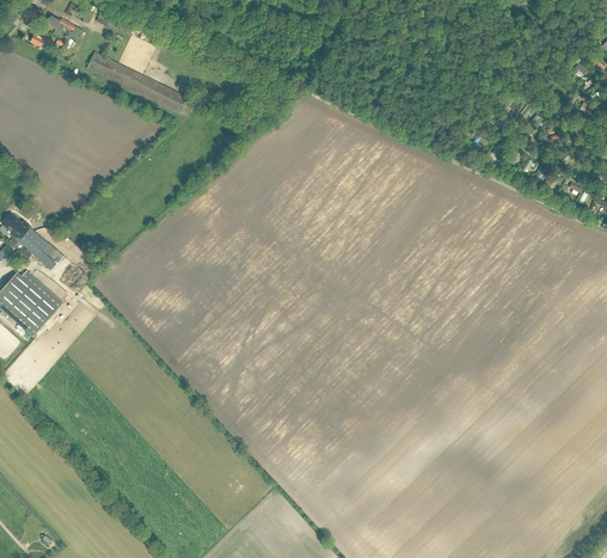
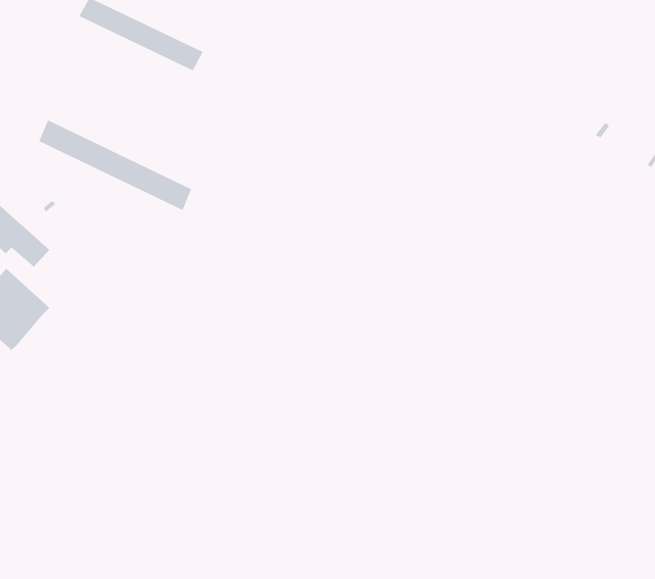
building: none -> [39,120,192,211]

